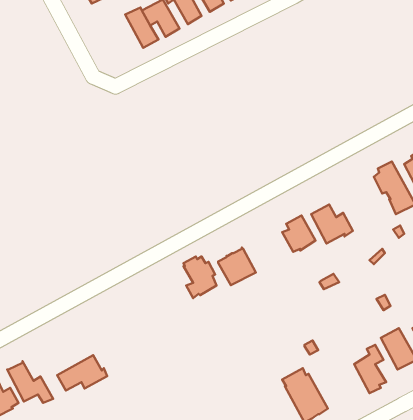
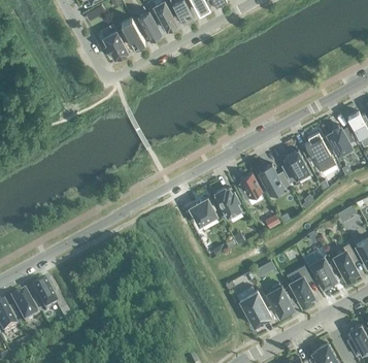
building: none -> [99,25,127,60]
building: none -> [282,151,308,182]
building: [183,256,217,298] -> [214,188,239,219]
building: [57,355,107,391] -> none
building: none -> [266,285,294,317]

